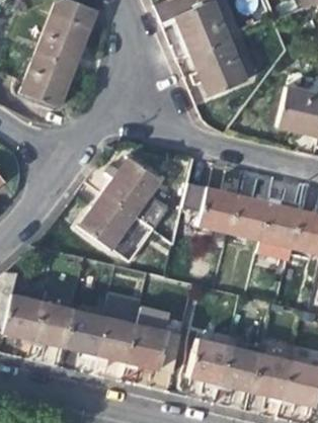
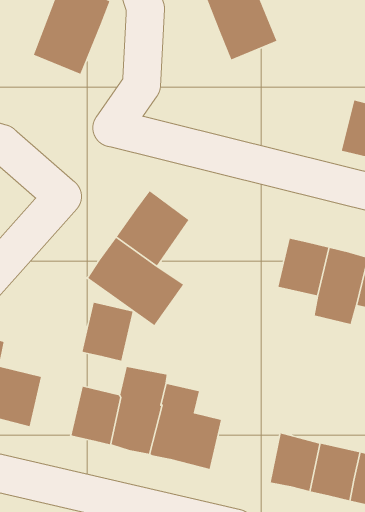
building: [192,36,253,95] -> none
building: [21,52,75,106] -> none
building: [196,186,238,233] -> none
building: [35,303,76,349] -> [82,302,133,362]
building: [191,339,231,386] -> none

